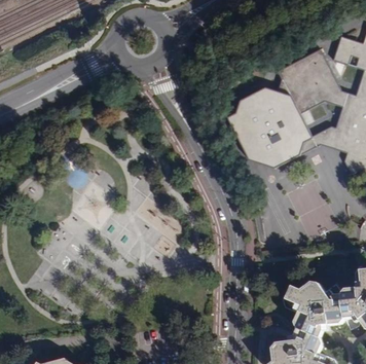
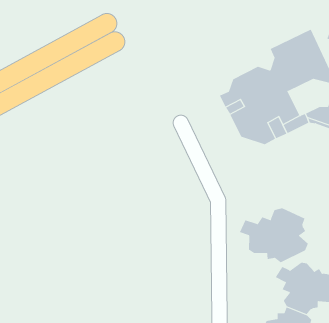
building: none -> [239,207,309,263]

